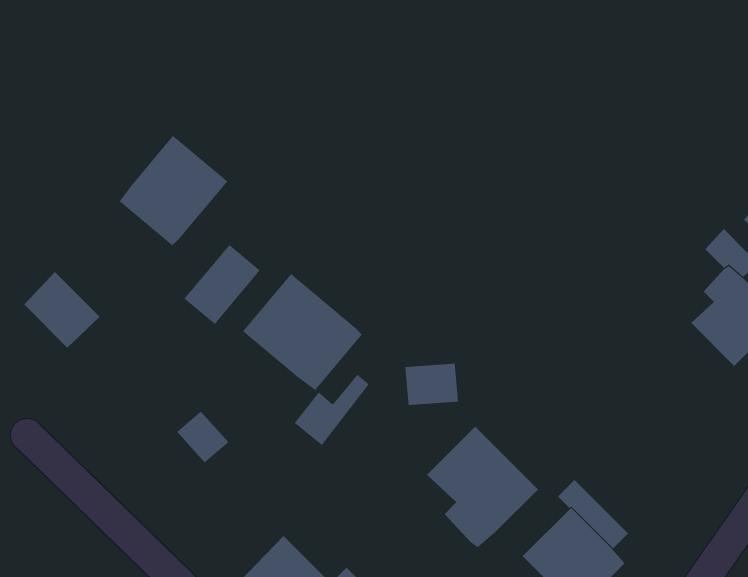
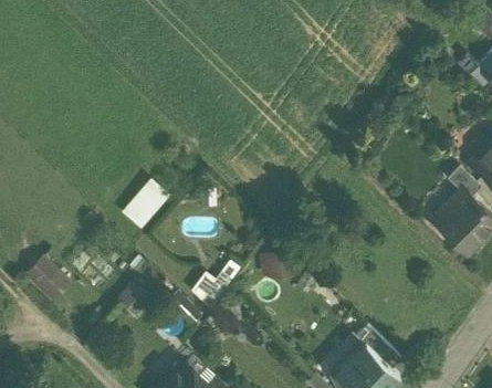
building: [119,135,228,246] -> none
building: [23,271,101,348] -> [24,251,73,300]
building: [242,273,362,391] -> none
building: [426,426,539,548] -> none

